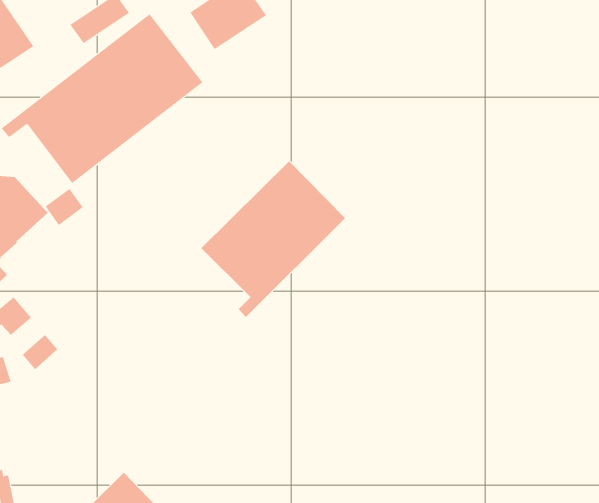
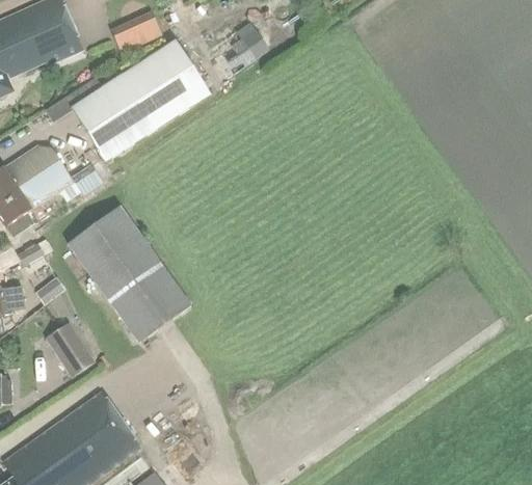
building: [201,161,346,318] -> none
building: none -> [68,208,190,343]
building: none -> [45,323,95,378]

